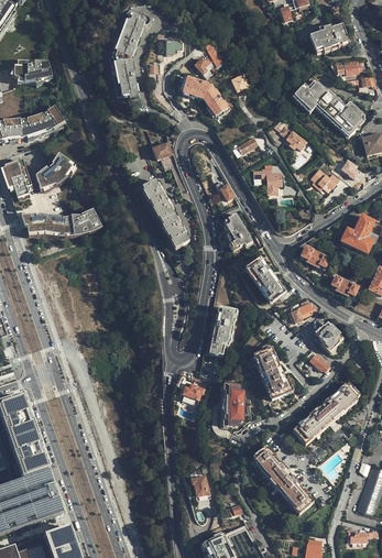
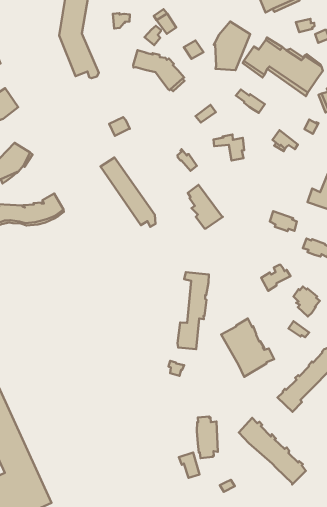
building: none -> [214,21,250,70]
building: [247,258,284,299] -> none
building: [223,386,243,426] -> [197,417,218,458]

